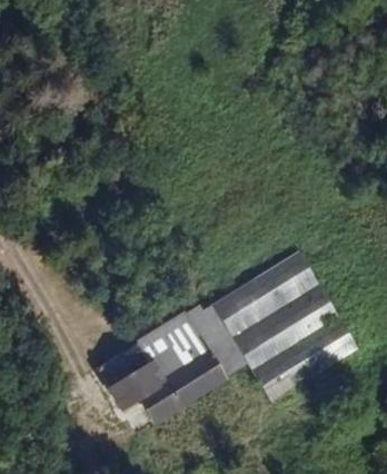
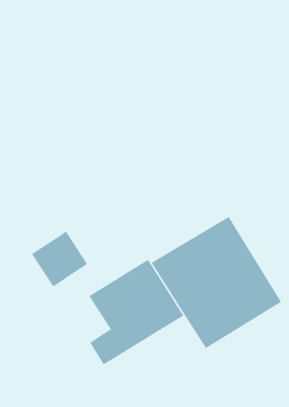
building: [98,343,162,407] -> [31,231,88,287]

